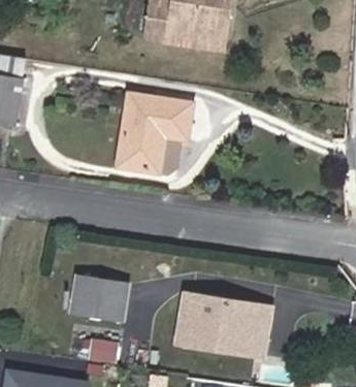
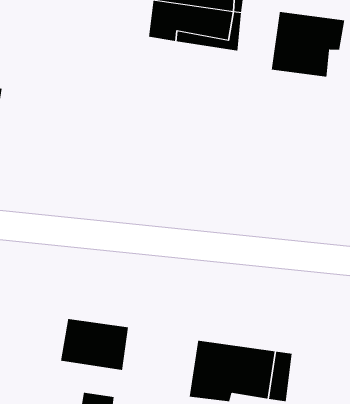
building: none -> [271,11,345,78]
building: [118,94,192,171] -> none

